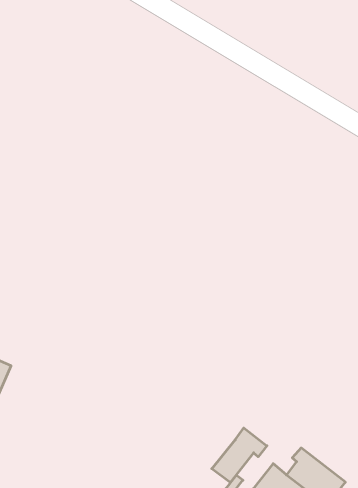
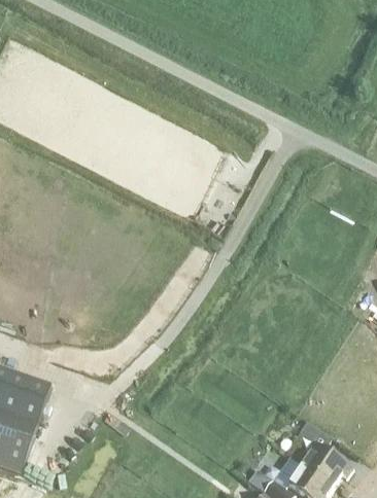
building: [212,428,267,483] -> none

